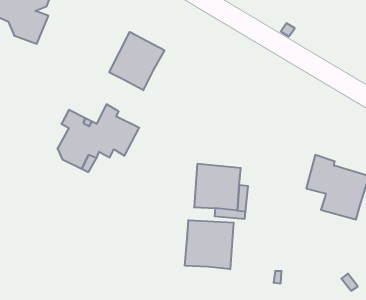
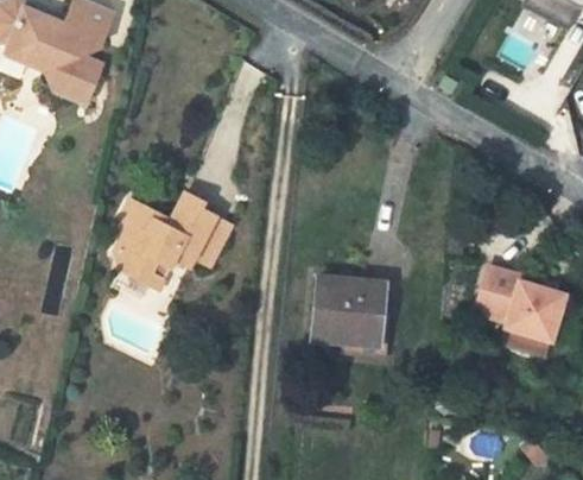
building: [109,32,164,90] -> none
building: [185,220,234,269] -> none

